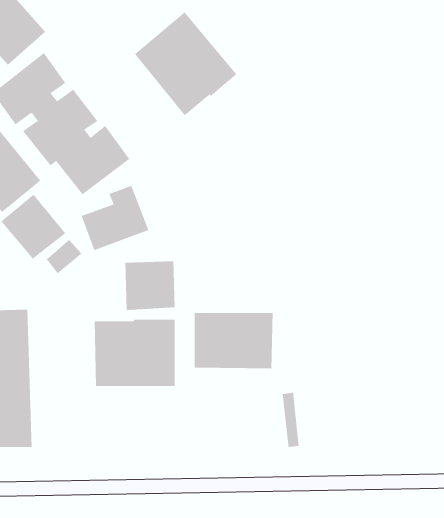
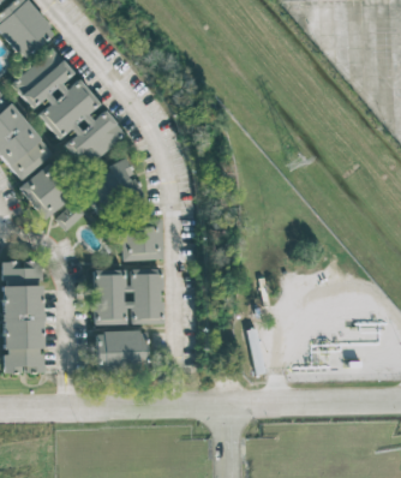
building: [134,12,237,116] -> none
building: [194,312,273,369] -> none
building: none -> [96,329,148,366]

